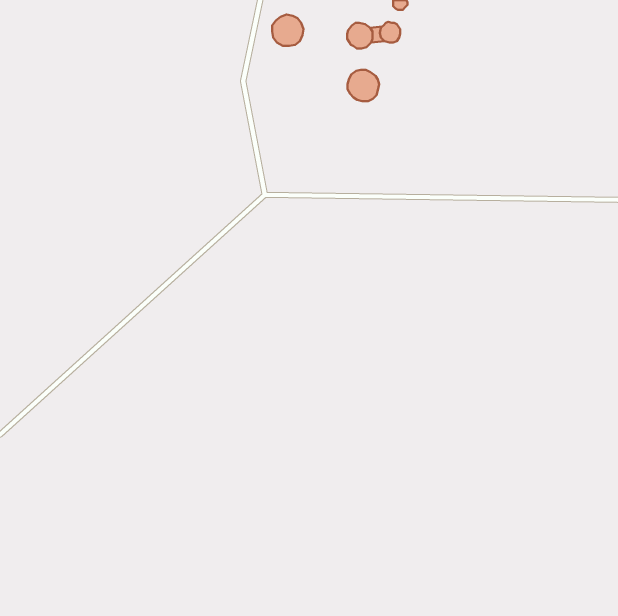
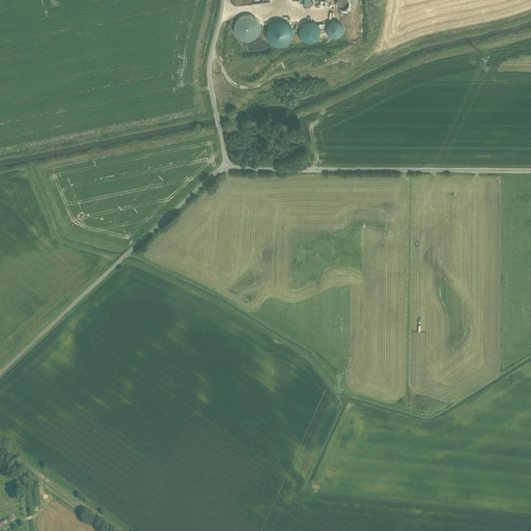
building: [348,70,379,101] -> [266,21,292,48]

